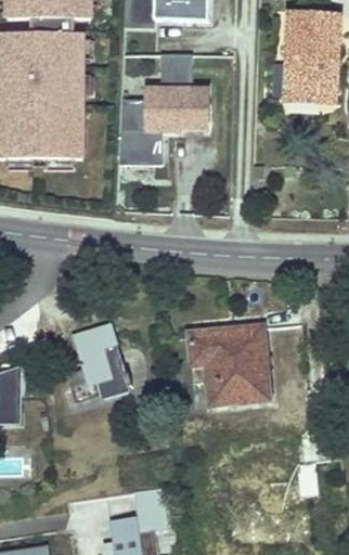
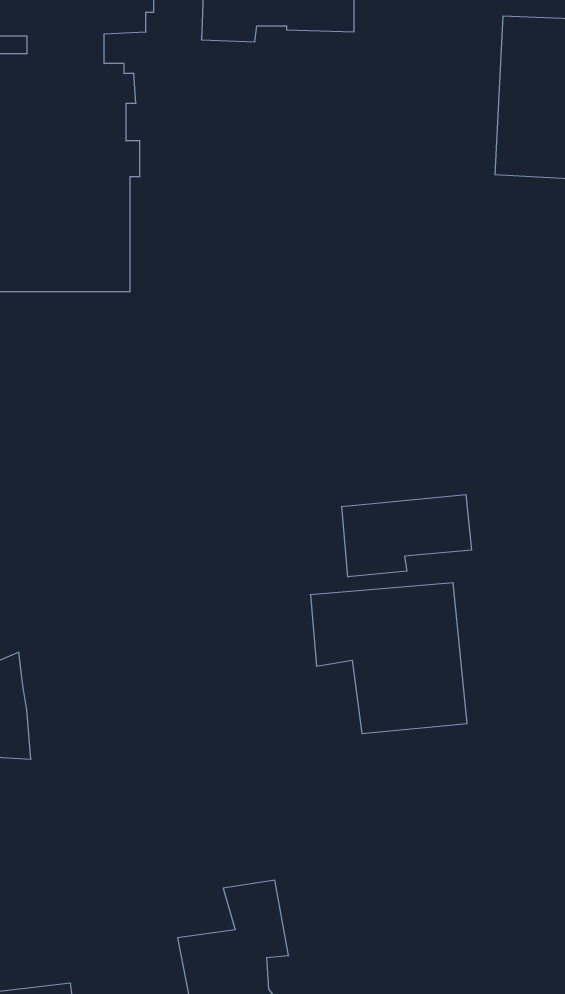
building: [122,56,207,160] -> none
building: none -> [342,495,471,577]
building: [63,322,132,404] -> none

